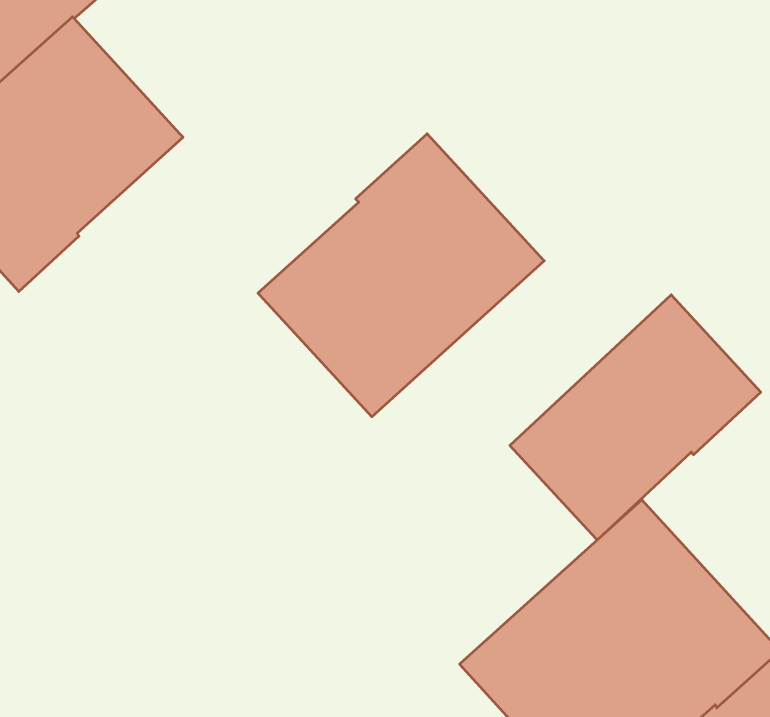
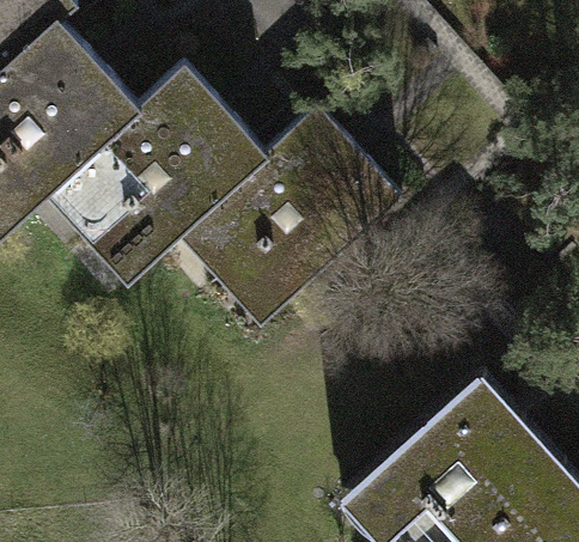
building: none -> [59,68,266,275]
building: [510,295,761,540] -> none

